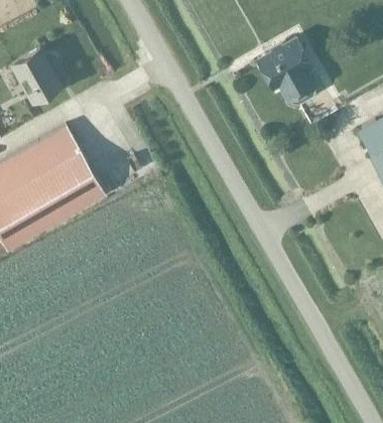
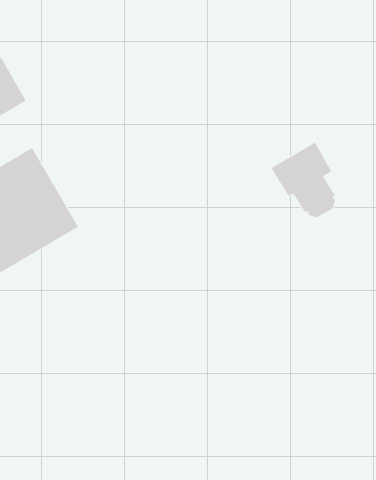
building: [259,42,314,107] -> [270,142,336,218]

